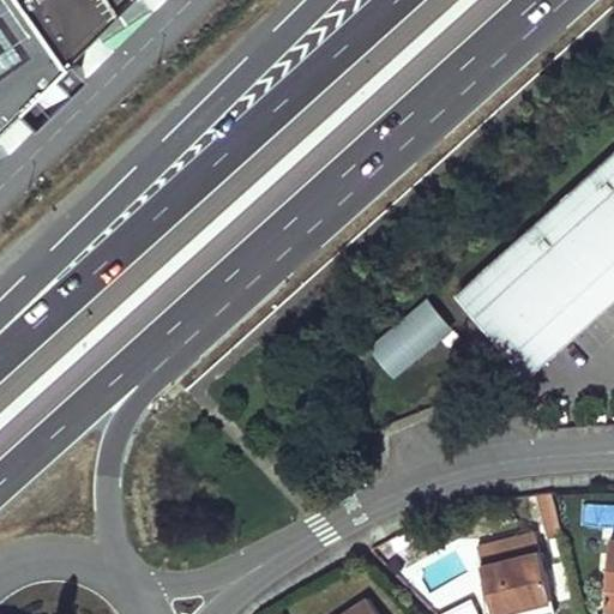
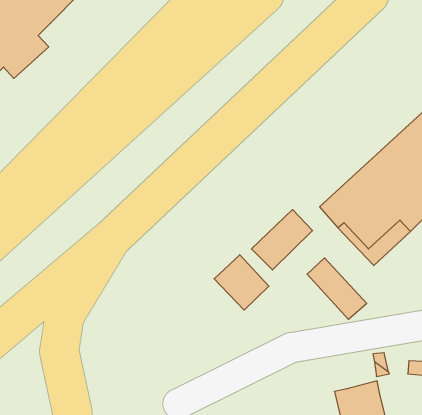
building: none -> [214,255,269,310]
building: none -> [307,258,367,319]

